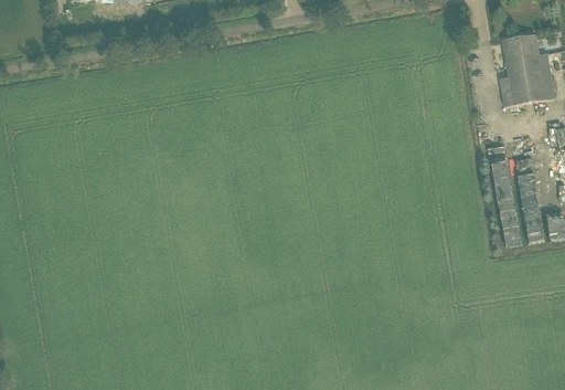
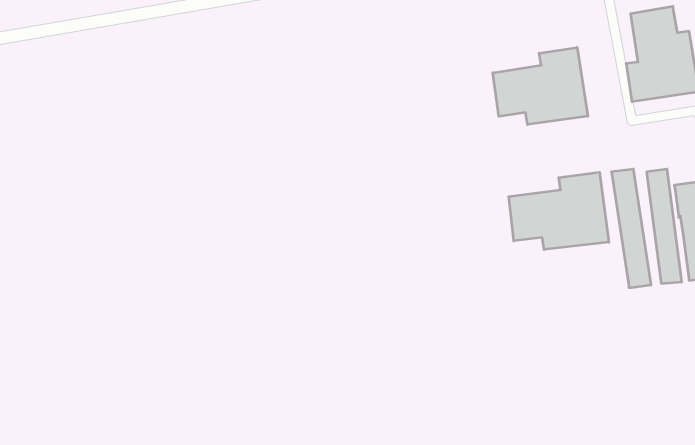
building: none -> [493,47,588,125]
building: none -> [509,172,609,250]

